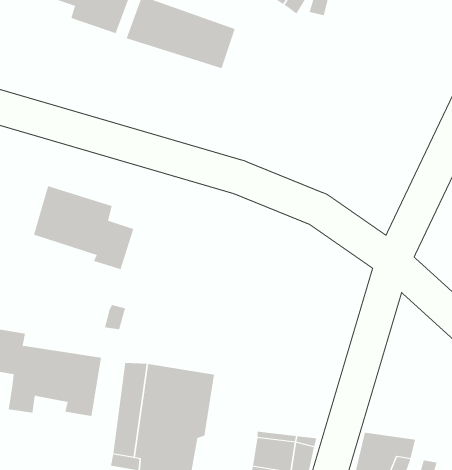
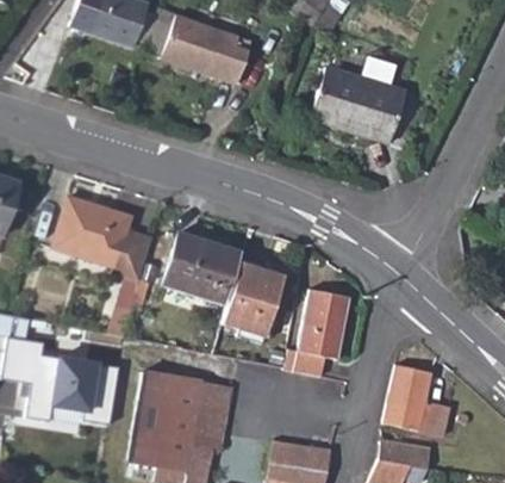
building: none -> [311,66,409,143]
building: none -> [161,233,238,303]
building: none -> [222,258,285,345]
building: none -> [285,290,349,374]
building: none -> [385,366,449,435]

